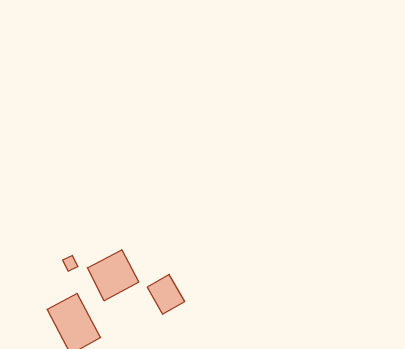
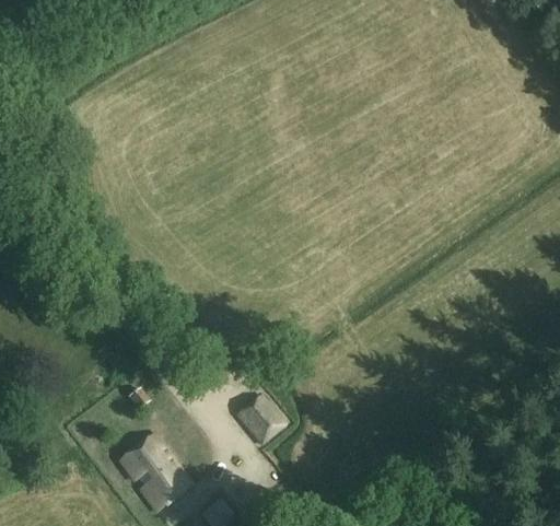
building: [87,250,139,301] -> none

